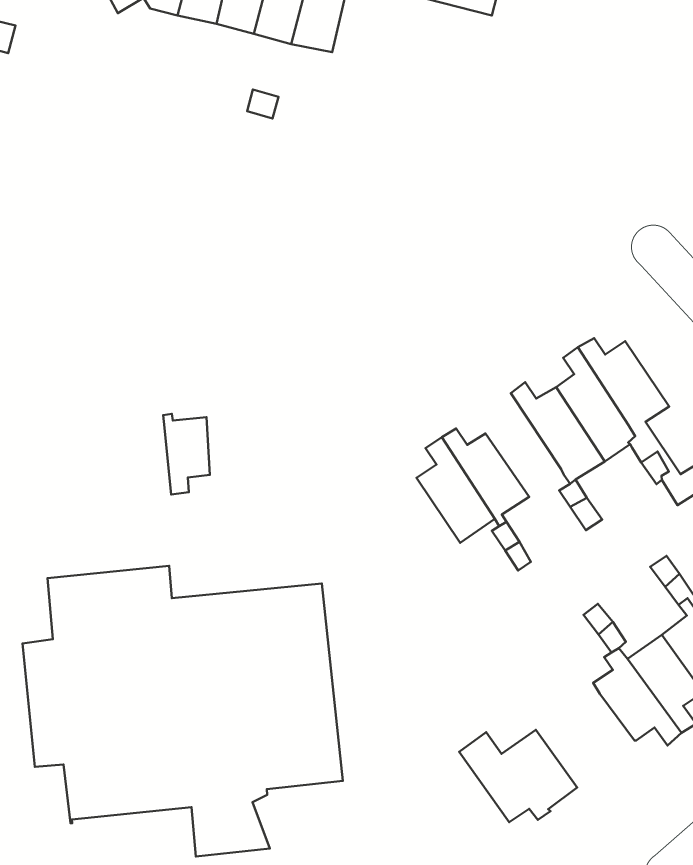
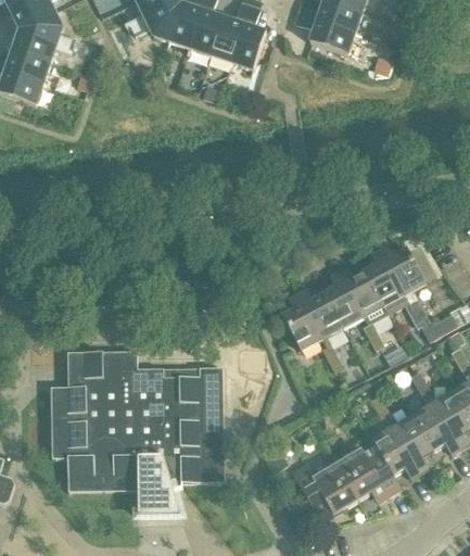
building: none -> [322,270,365,330]
building: [163,414,210,494] -> none
building: none -> [336,445,401,497]

